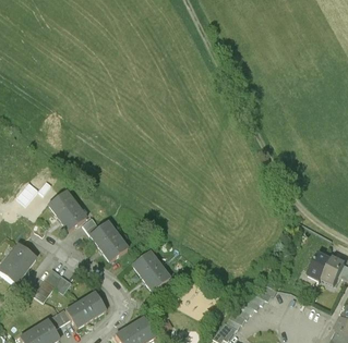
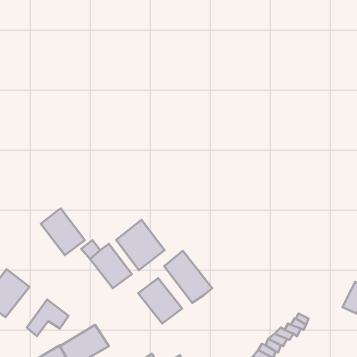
building: none -> [116,220,164,270]
building: none -> [164,251,212,303]

